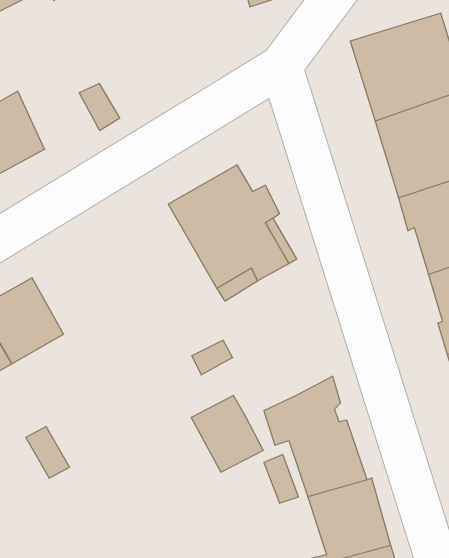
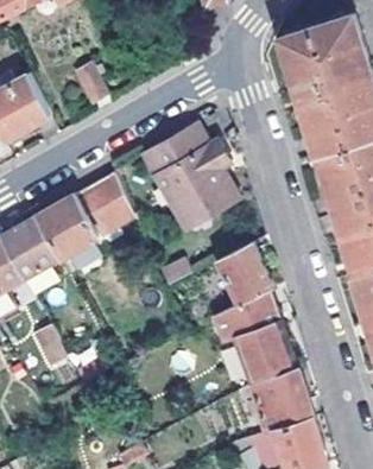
building: none -> [40,173,133,258]
building: [191,395,263,472] -> [219,246,273,304]

